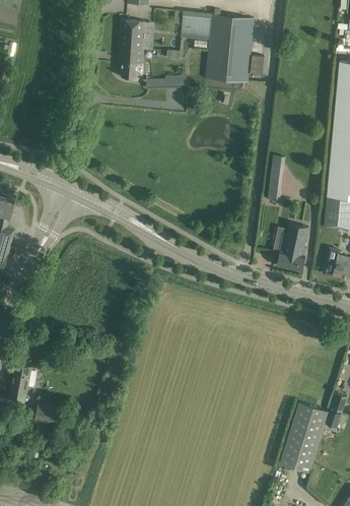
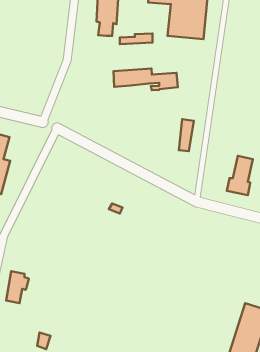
building: none -> [113,68,178,90]
building: [268,162,286,200] -> [179,119,194,151]
building: [34,403,61,425] -> none

